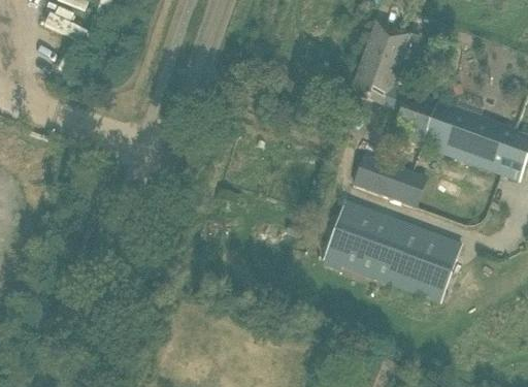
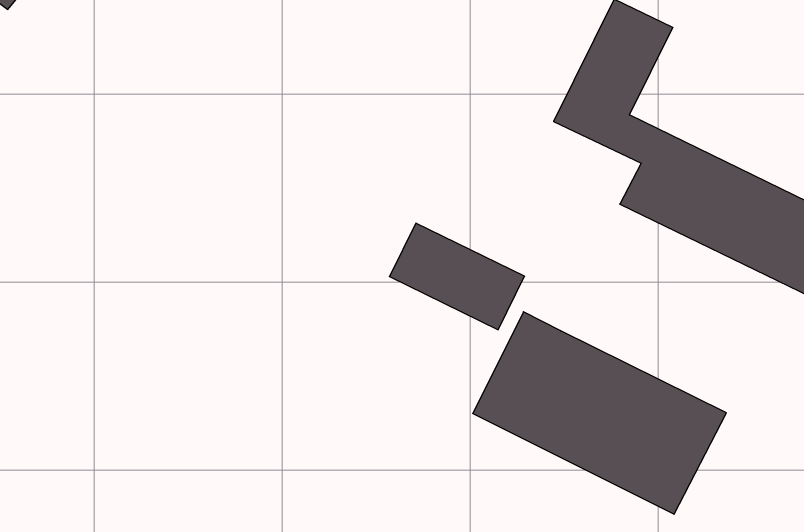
building: [352,154,426,207] -> [389,223,525,330]

